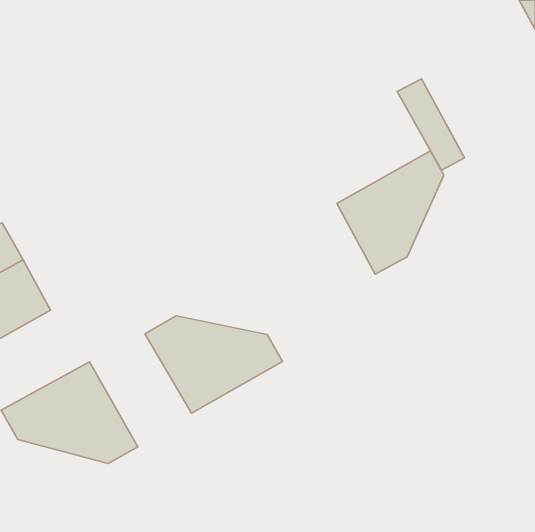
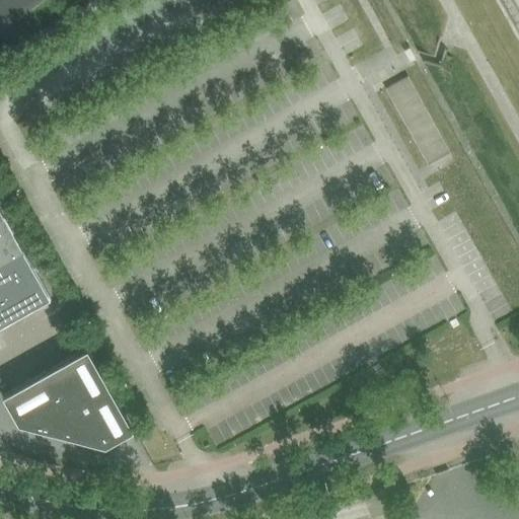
building: [337,151,444,274] -> none
building: [145,316,283,413] -> none

